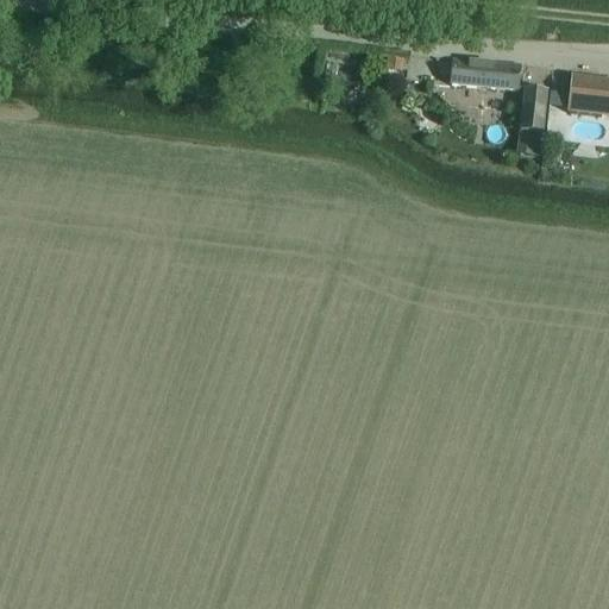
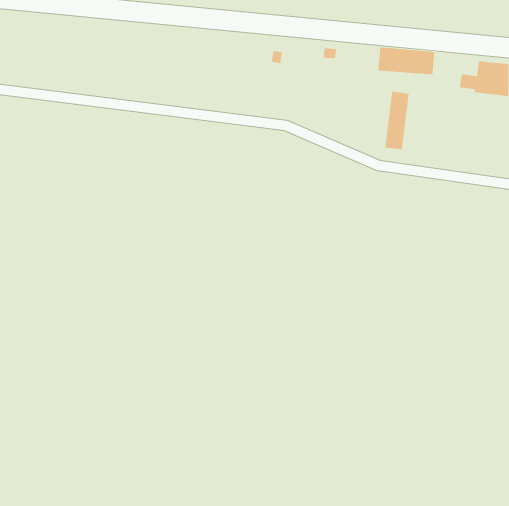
building: [517,86,547,156] -> [384,91,409,150]

